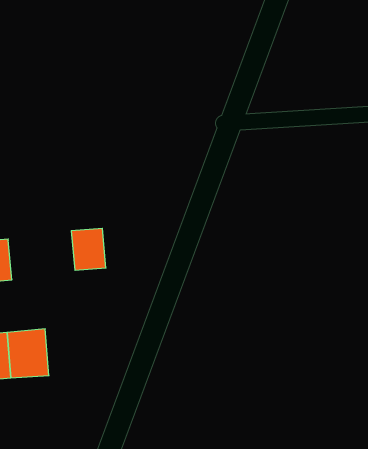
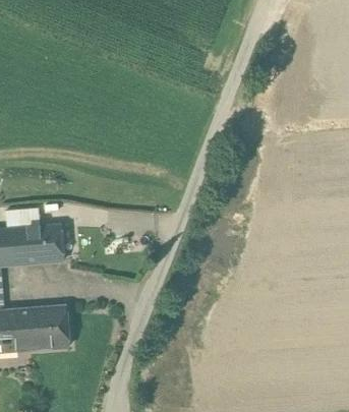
building: [71,228,106,270] -> [31,227,60,262]

